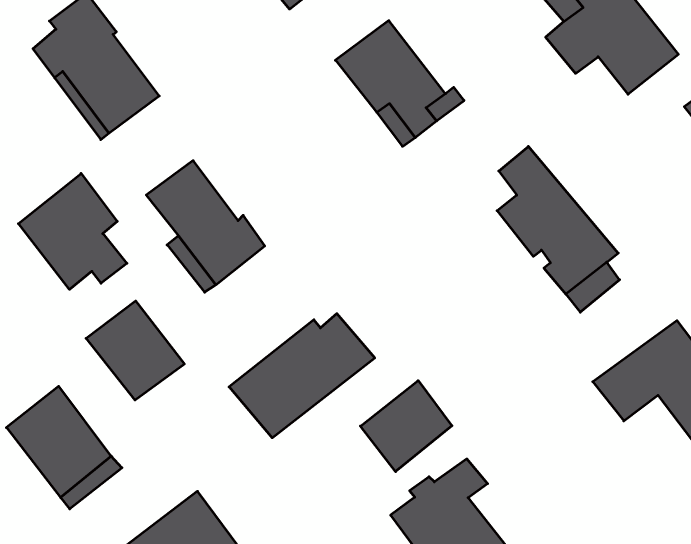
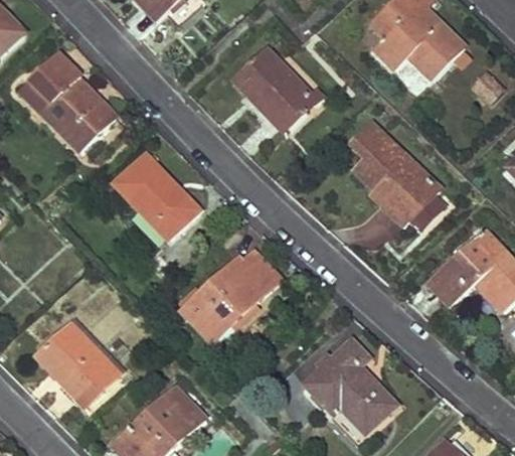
building: [18,173,127,289] -> none
building: [86,301,184,400] -> none
building: [360,381,452,472] -> none

